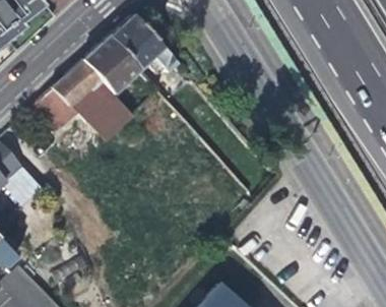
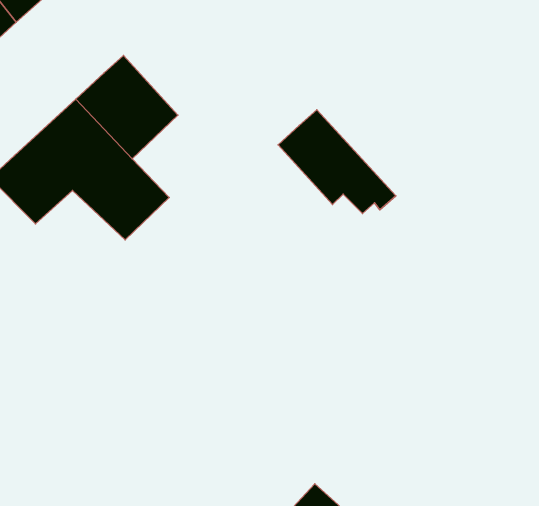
building: [109,15,177,75] -> [278,110,396,213]

